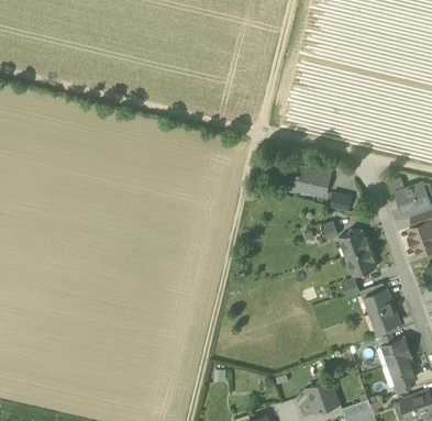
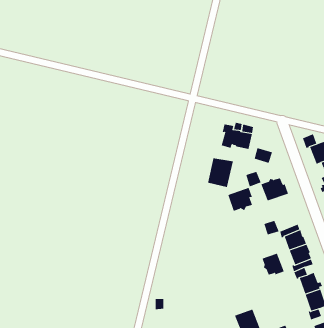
building: none -> [208,157,234,188]
building: [346,248,376,277] -> [227,187,253,212]
building: none -> [262,253,284,275]

